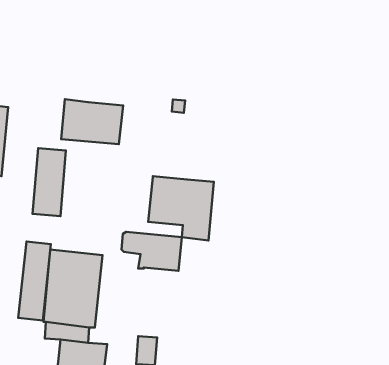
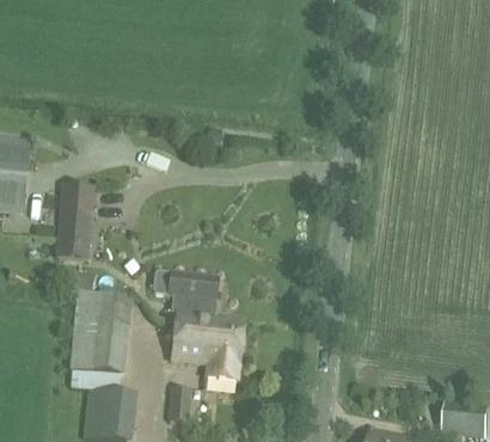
building: [61,99,123,144] -> none
building: [148,176,214,241] -> [172,311,243,380]
building: [18,242,51,321] -> none

